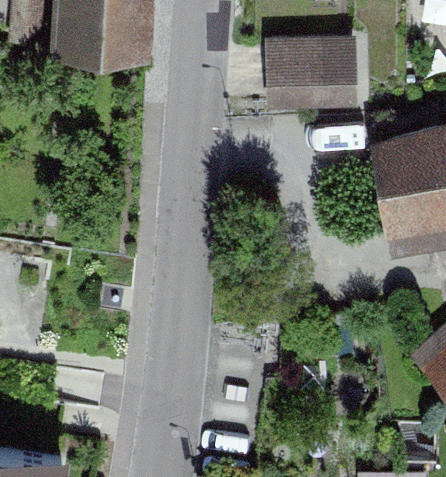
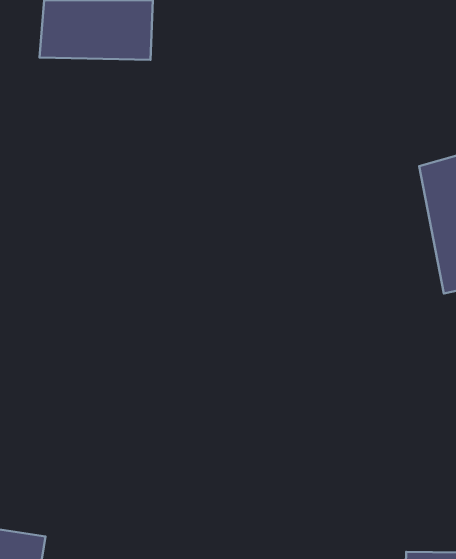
building: [271,44,351,100] -> none

